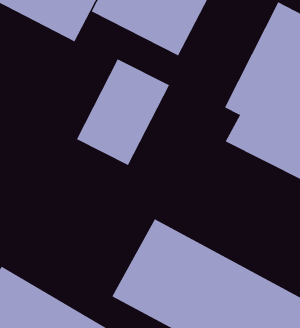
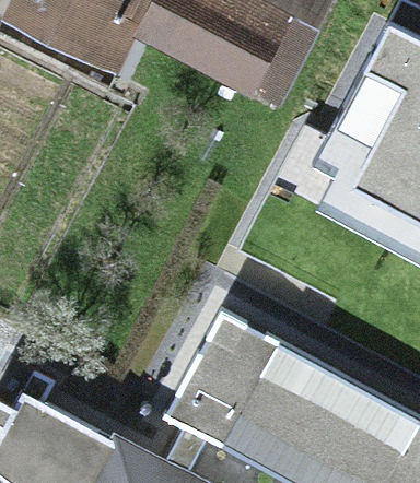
building: [76,58,170,166] -> none

